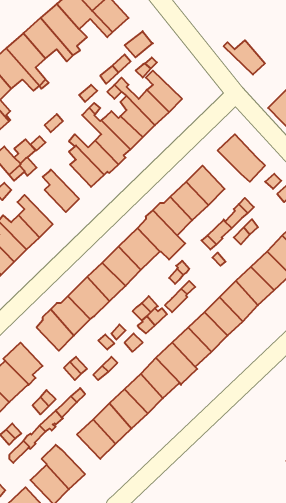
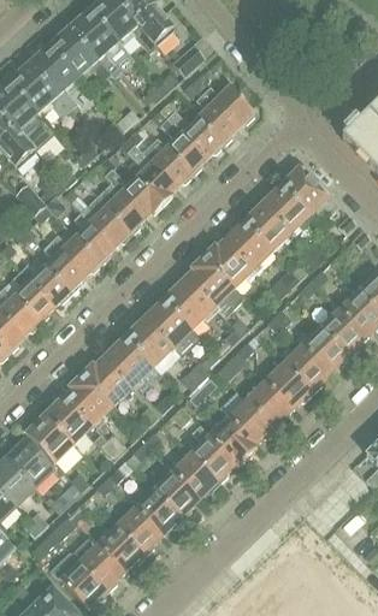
building: [224,40,265,75] -> [205,83,254,124]
building: none -> [264,185,309,231]
building: none -> [66,186,131,243]
building: none -> [52,232,101,273]
building: none -> [47,396,93,442]
building: none -> [96,523,142,570]

